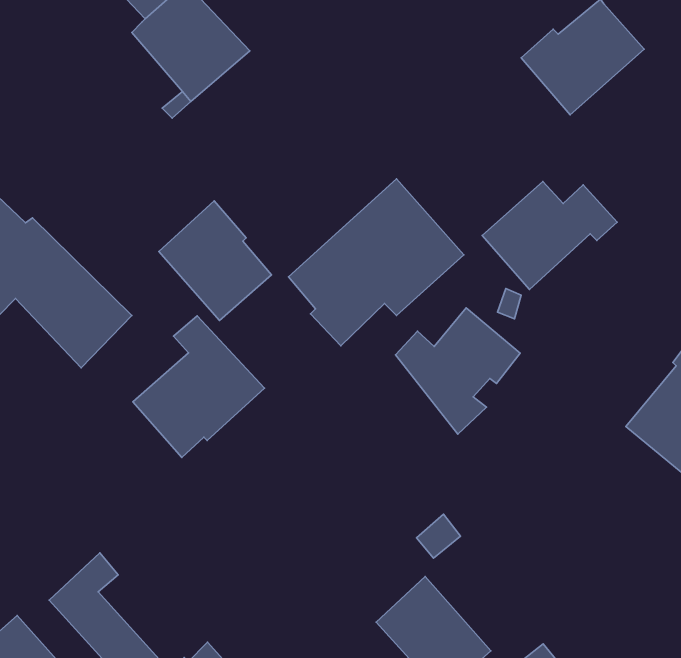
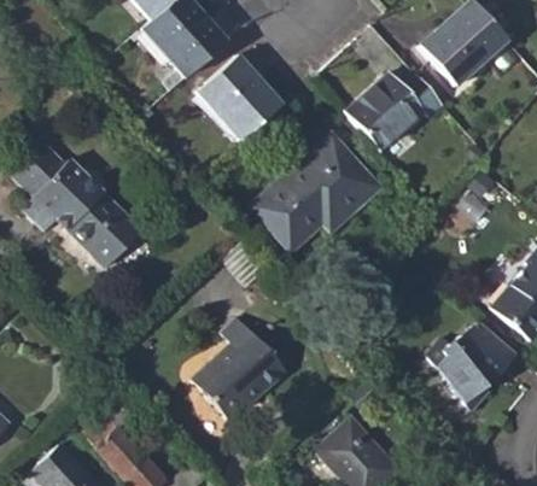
building: [482,182,617,289] -> [346,72,443,150]
building: [159,201,272,320] -> [197,54,278,140]
building: [396,308,520,434] -> [427,320,516,410]
building: [133,316,264,457] -> [192,318,286,420]

